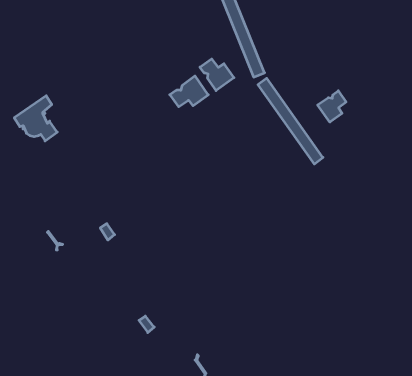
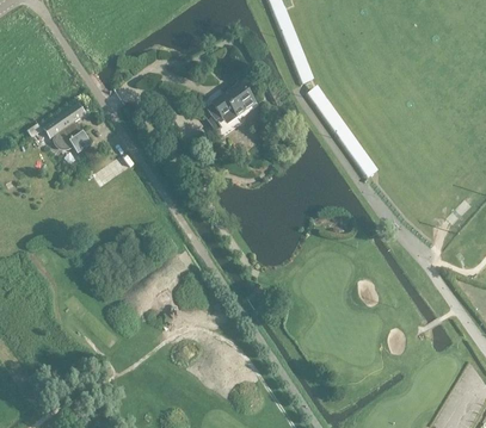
building: [200,59,234,91] -> none
building: [318,91,346,122] -> none

